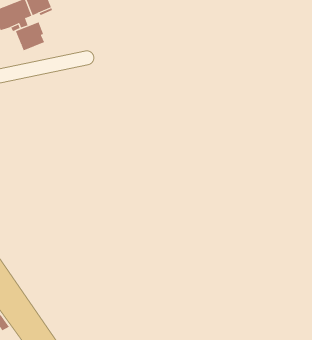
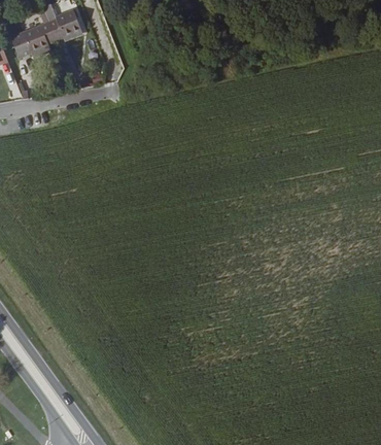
building: [15,21,45,51] -> none

